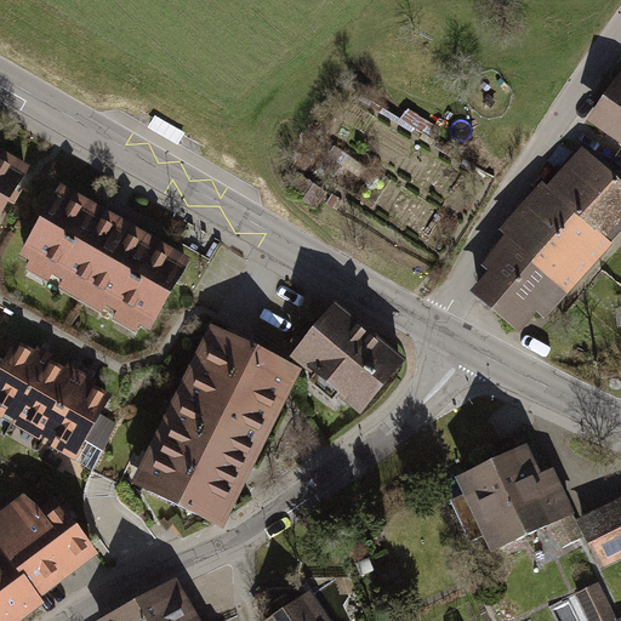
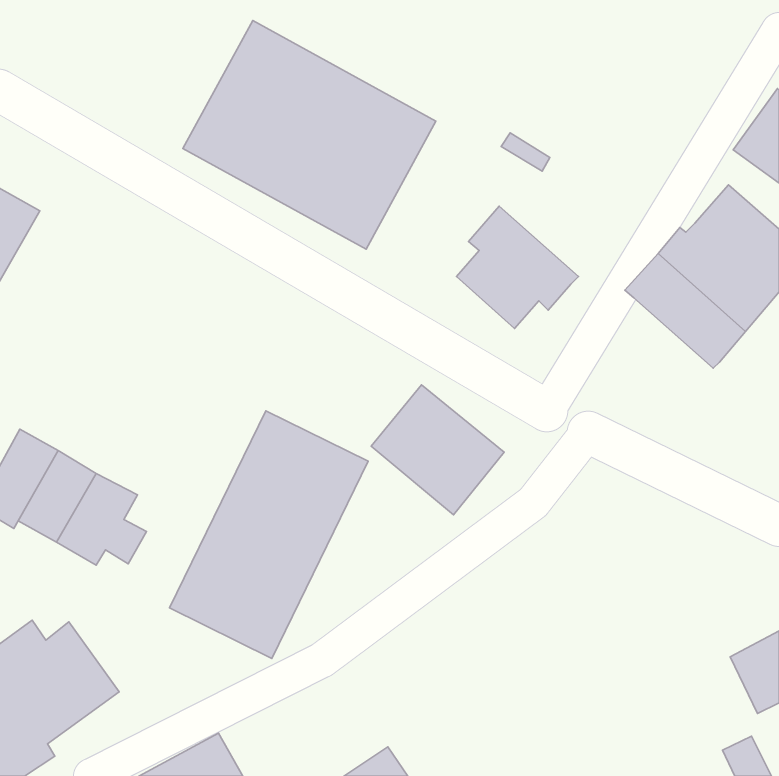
building: none -> [183,21,436,249]
building: [19,188,194,334] -> none
building: [469,237,566,334] -> [456,206,579,328]
building: [461,452,569,553] -> none

